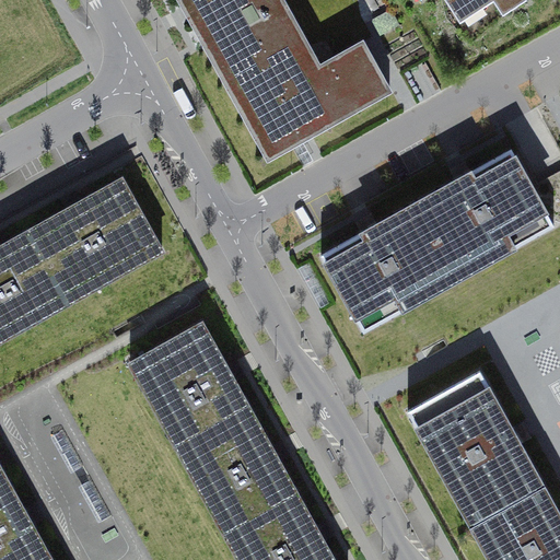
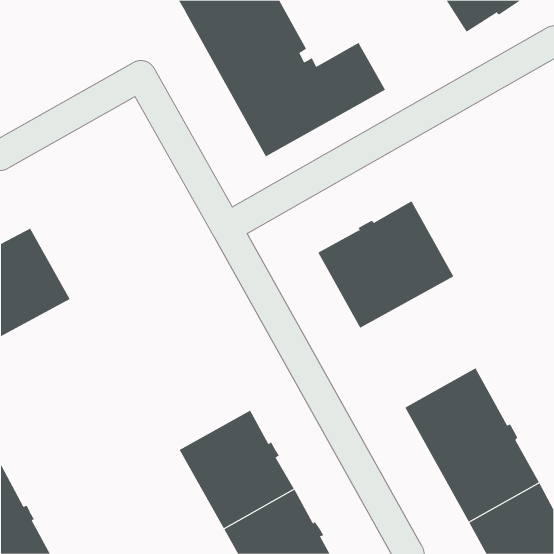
building: [416,150,553,279] -> none
building: [31,178,162,302] -> none
building: [130,323,253,454] -> none

